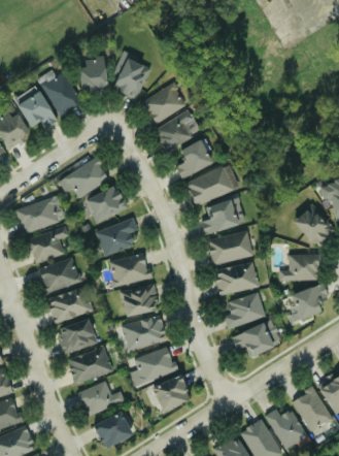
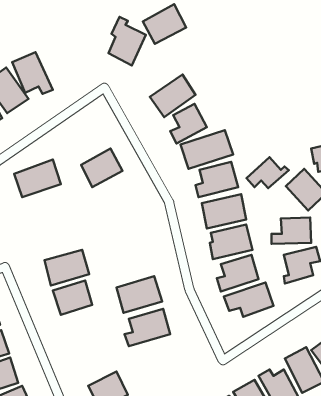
building: [77,58,105,90] -> none
building: [37,70,81,117] -> none
building: [142,84,187,124] -> [143,4,186,44]
building: [60,158,109,200] -> none
building: none -> [247,157,289,188]
building: [95,220,137,256] -> none
building: [28,227,68,263] -> none
building: [107,254,149,289] -> none
building: [38,258,81,295] -> none
building: [120,286,159,318] -> none
building: [66,347,111,385] -> none
building: [154,378,189,410] -> none
building: [77,382,124,417] -> none

